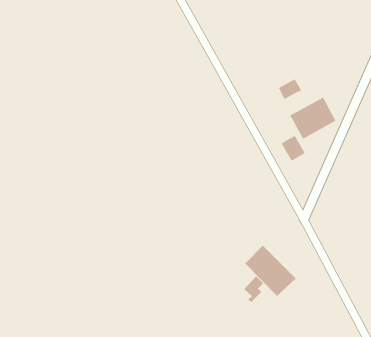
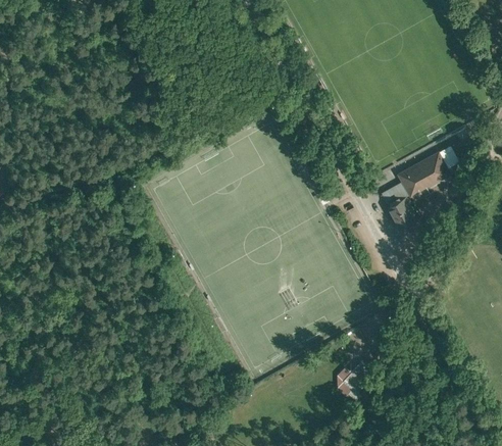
building: [278,79,302,100] -> [380,182,408,207]
building: [244,245,296,297] -> none

